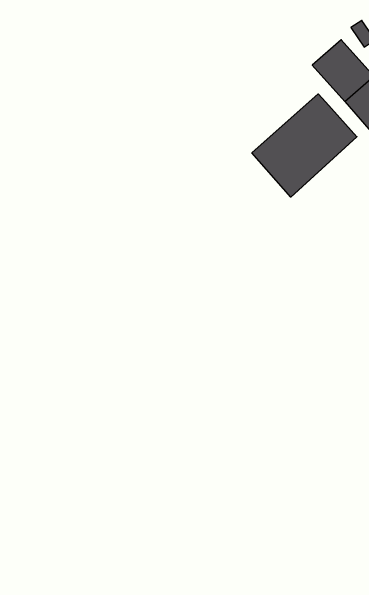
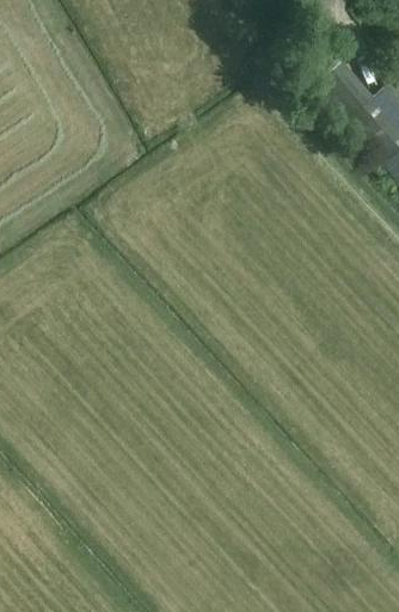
building: [252,94,357,197] -> none

